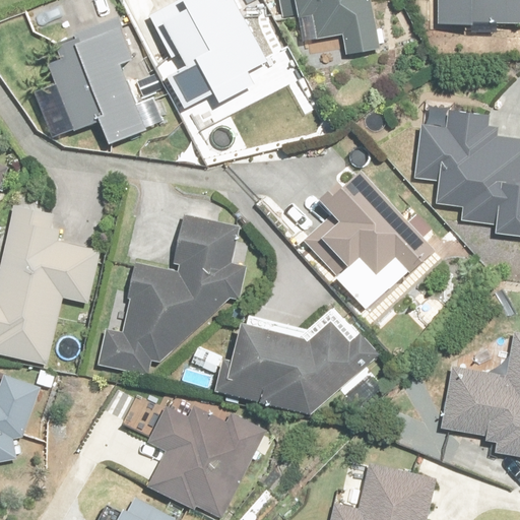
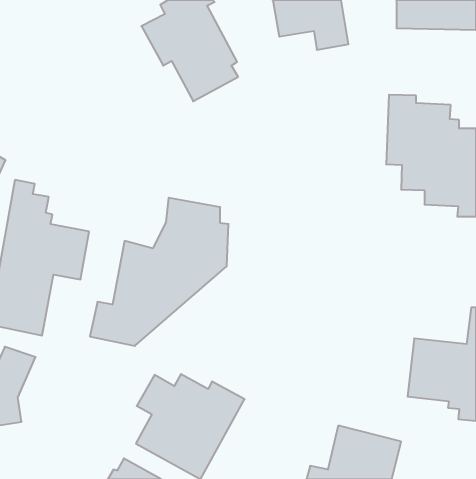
building: [51,18,162,144] -> none
building: [318,170,436,309] -> none
building: [222,313,379,414] -> none

